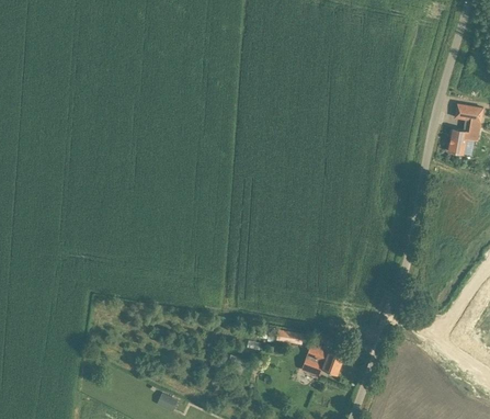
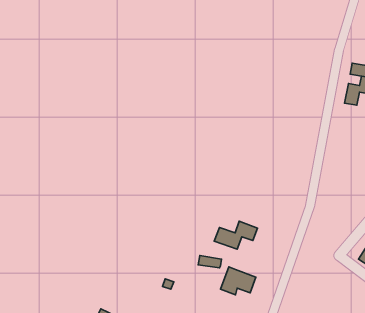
building: none -> [214,221,258,249]

